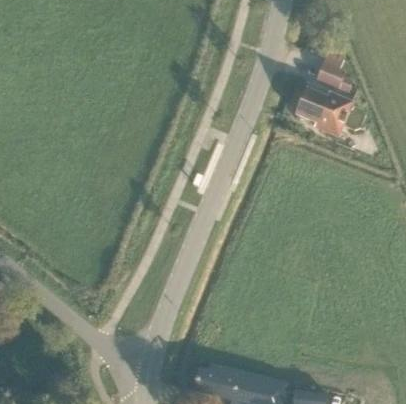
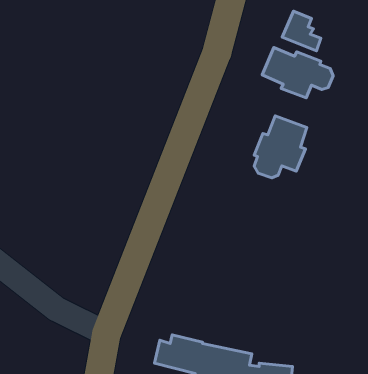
building: none -> [254,116,307,178]

